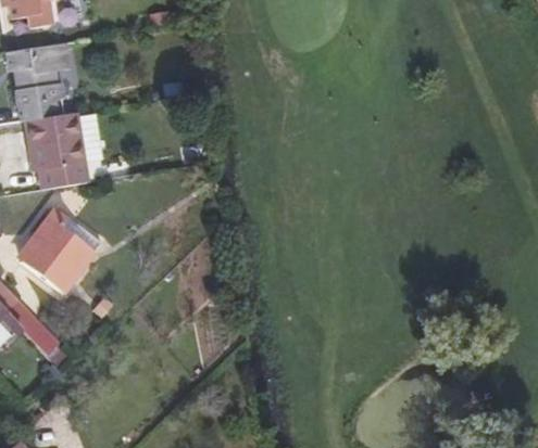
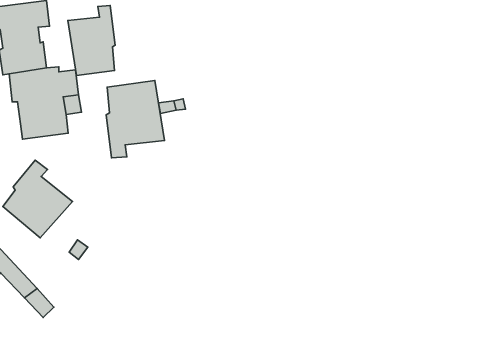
building: none -> [68,6,115,76]
building: none -> [106,81,164,158]

